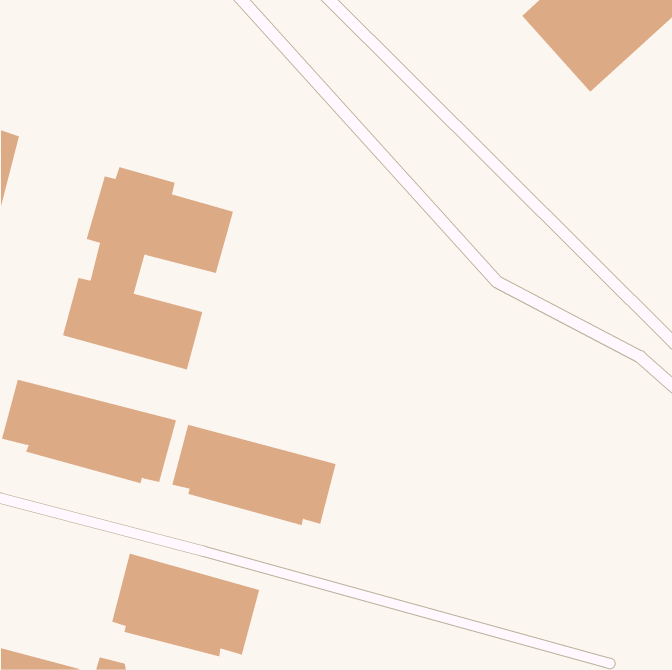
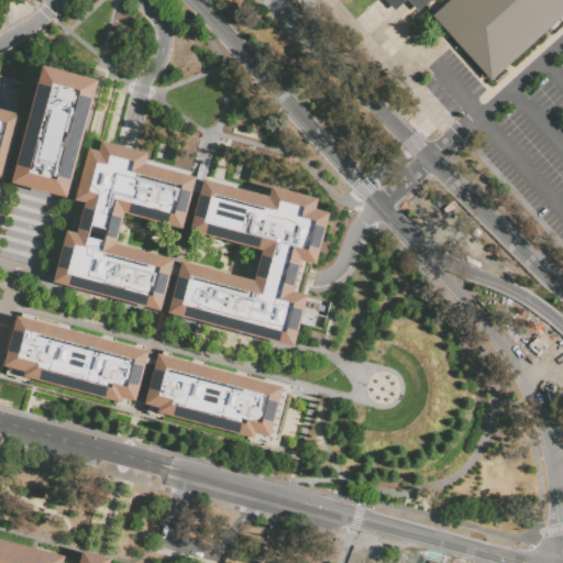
building: none -> [11,66,98,198]
building: none -> [168,178,330,345]
building: [111,553,260,657] -> none

